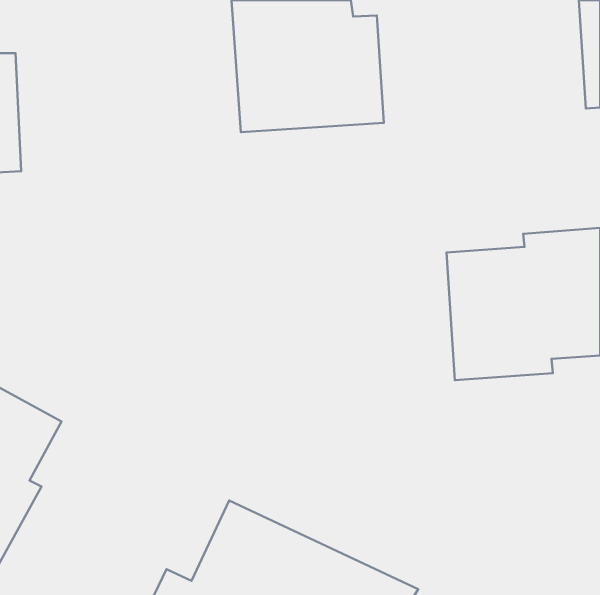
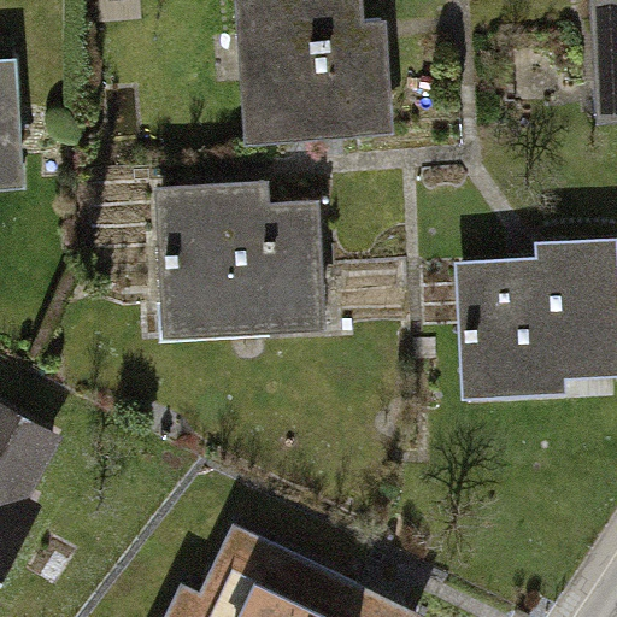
building: none -> [154,184,323,336]

